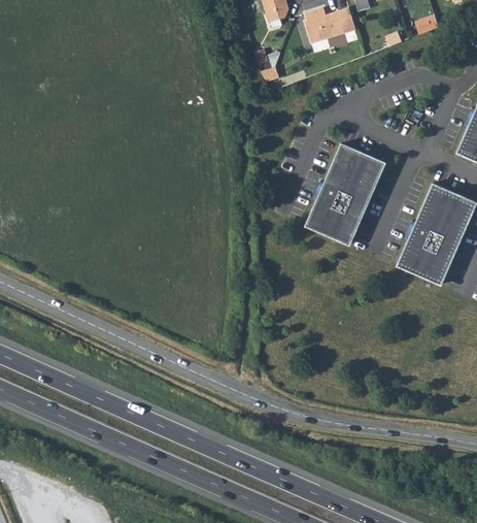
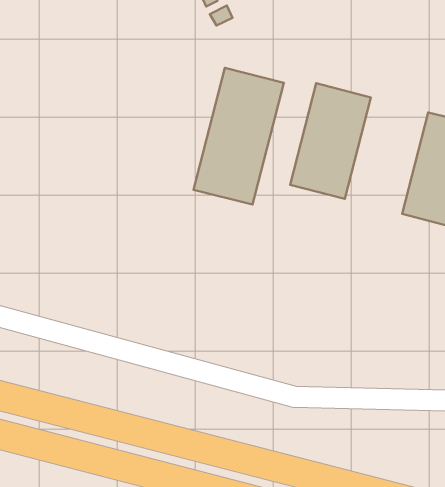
building: none -> [194,68,284,204]

